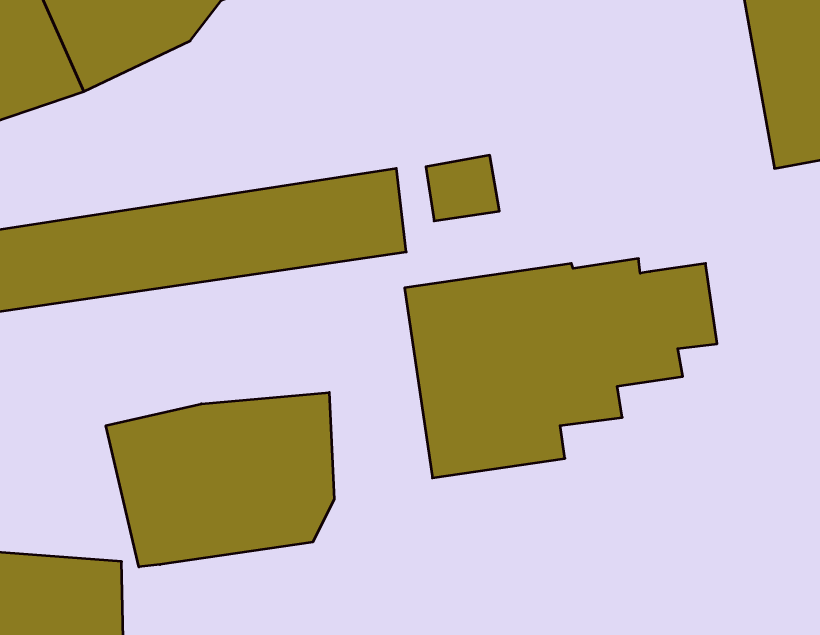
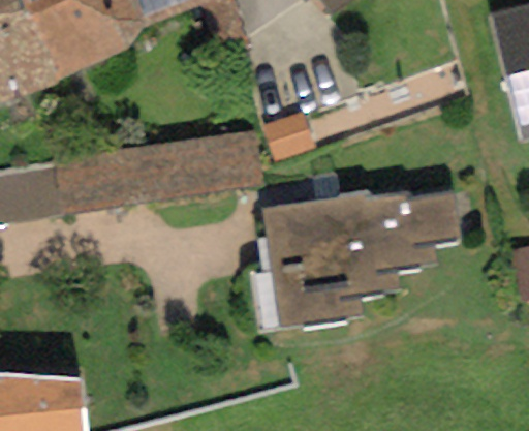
building: [106,392,334,567] -> none

